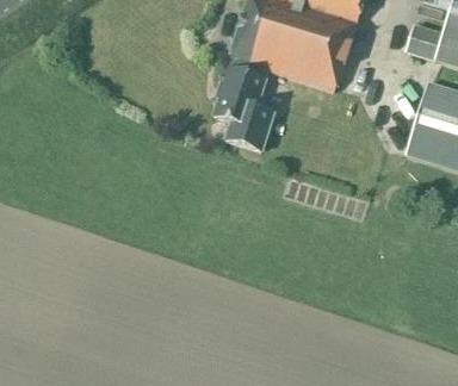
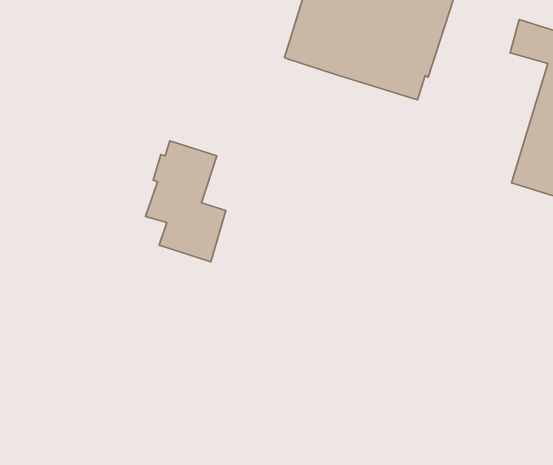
building: [212,57,276,152] -> [146,141,226,262]

